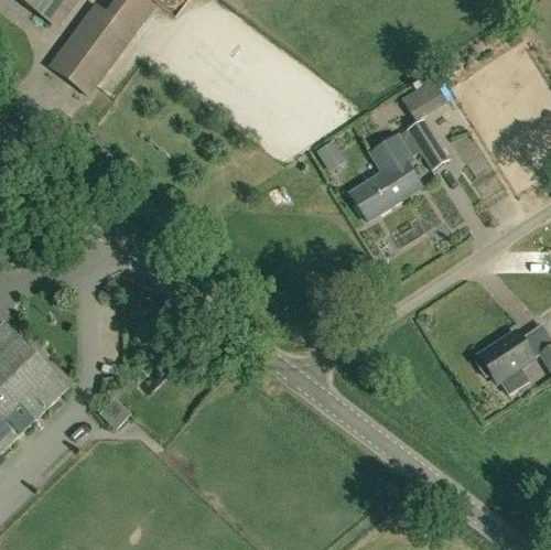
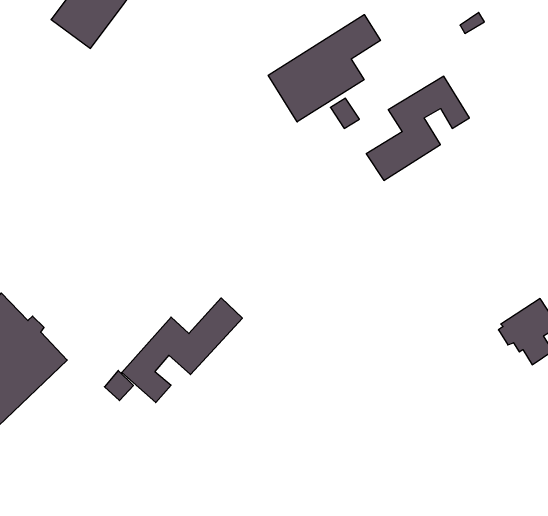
building: none -> [268,15,380,122]
building: [402,78,444,116] -> none
building: none -> [122,298,242,403]

